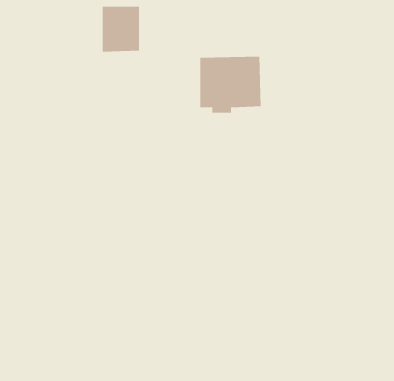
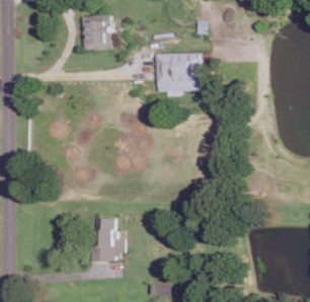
building: none -> [92,218,125,260]

